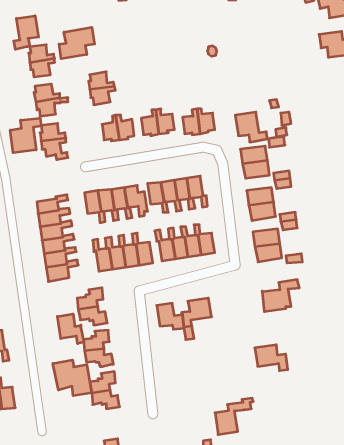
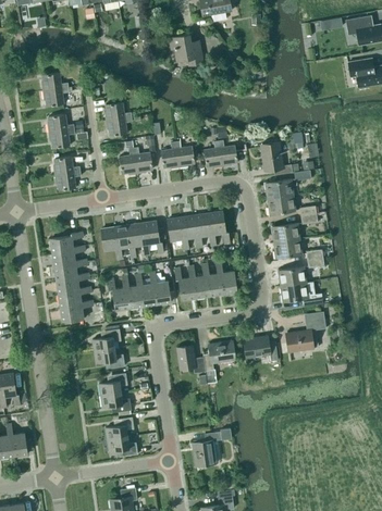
building: none -> [169,34,202,65]
building: [14,16,39,49] -> none
building: [59,27,95,59] -> none
building: [10,118,41,153] -> none
building: [57,314,84,344] -> none
building: [255,345,288,371] -> [244,334,279,361]
building: [53,360,91,396] -> none
building: [215,398,253,435] -> [192,427,232,465]

